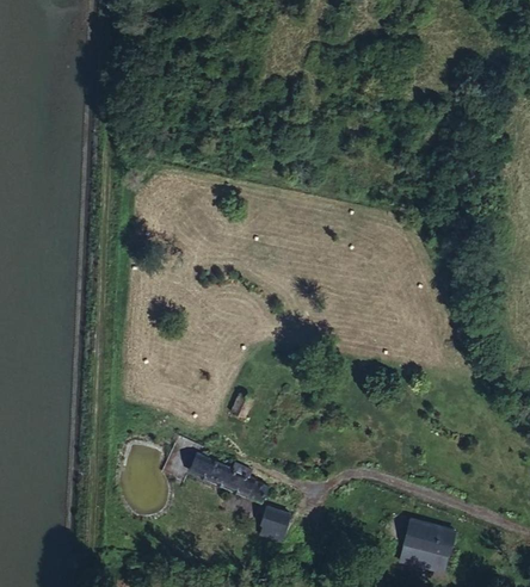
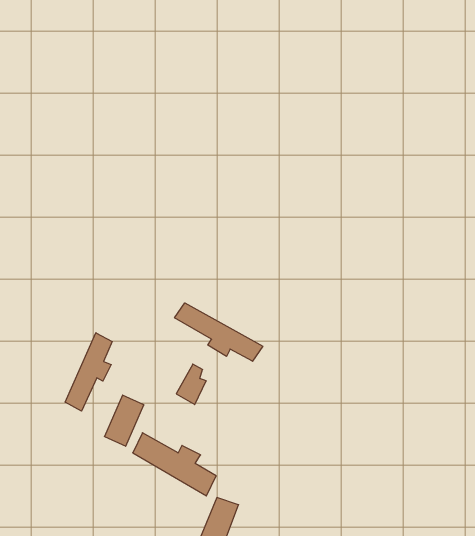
building: none -> [175,303,263,361]
building: none -> [65,333,112,411]

